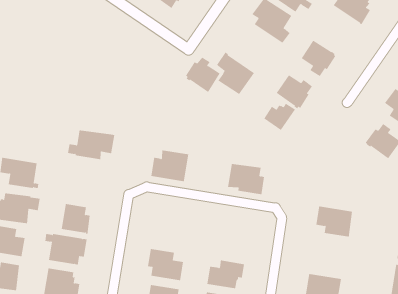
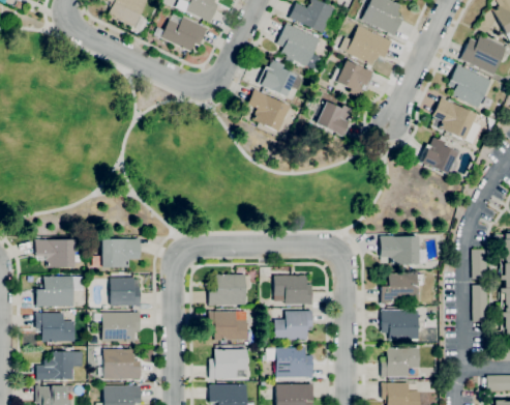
building: none -> [339,25,392,65]
building: [185,57,220,93] -> [259,60,296,97]
building: [264,103,296,131] -> none
building: [67,130,115,160] -> [93,238,141,267]
building: [150,150,189,182] -> [209,274,246,305]
building: [227,163,265,195] -> [274,274,312,303]
building: none -> [382,274,424,303]

